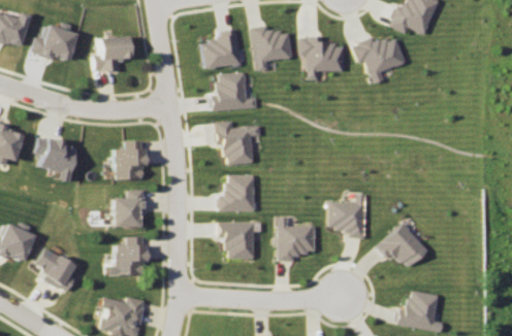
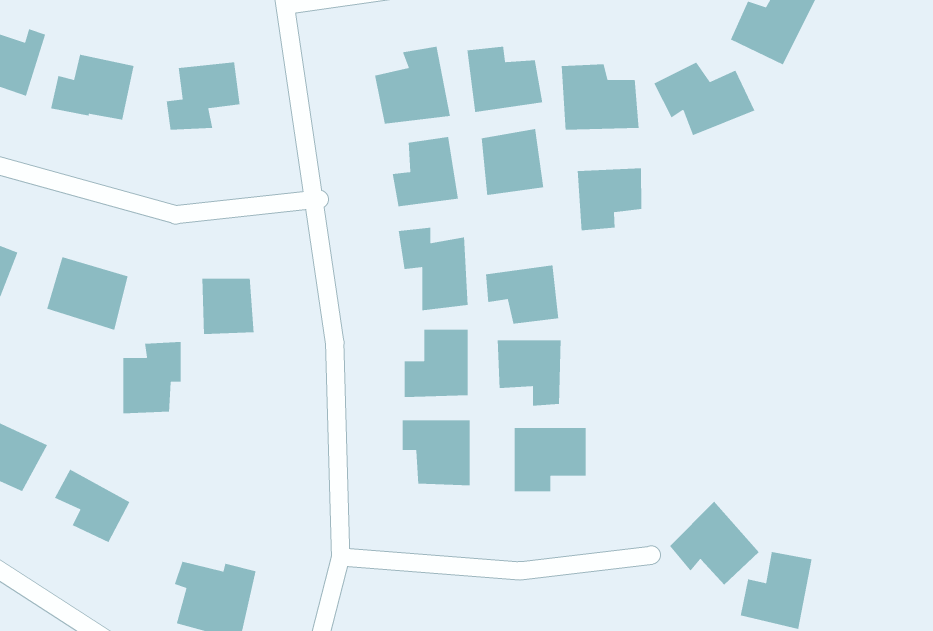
building: none -> [481,128,544,196]
building: none -> [577,167,642,231]
building: none -> [485,265,559,324]
building: [114,190,145,228] -> [123,341,181,414]
building: [331,202,365,237] -> [497,340,562,406]
building: [380,223,427,267] -> [669,501,759,586]
building: [109,246,146,277] -> none

